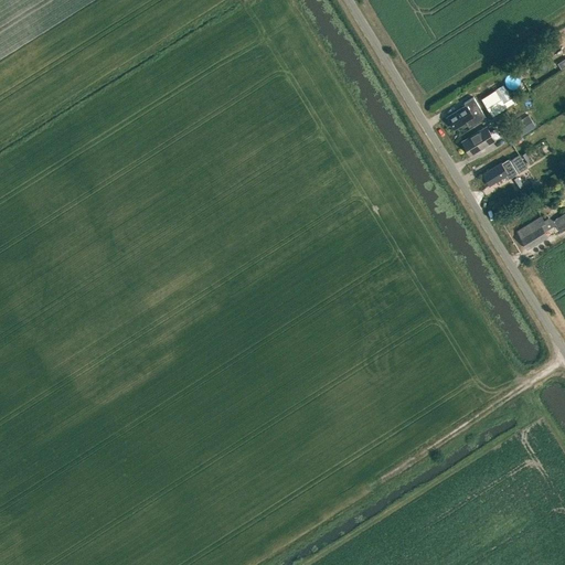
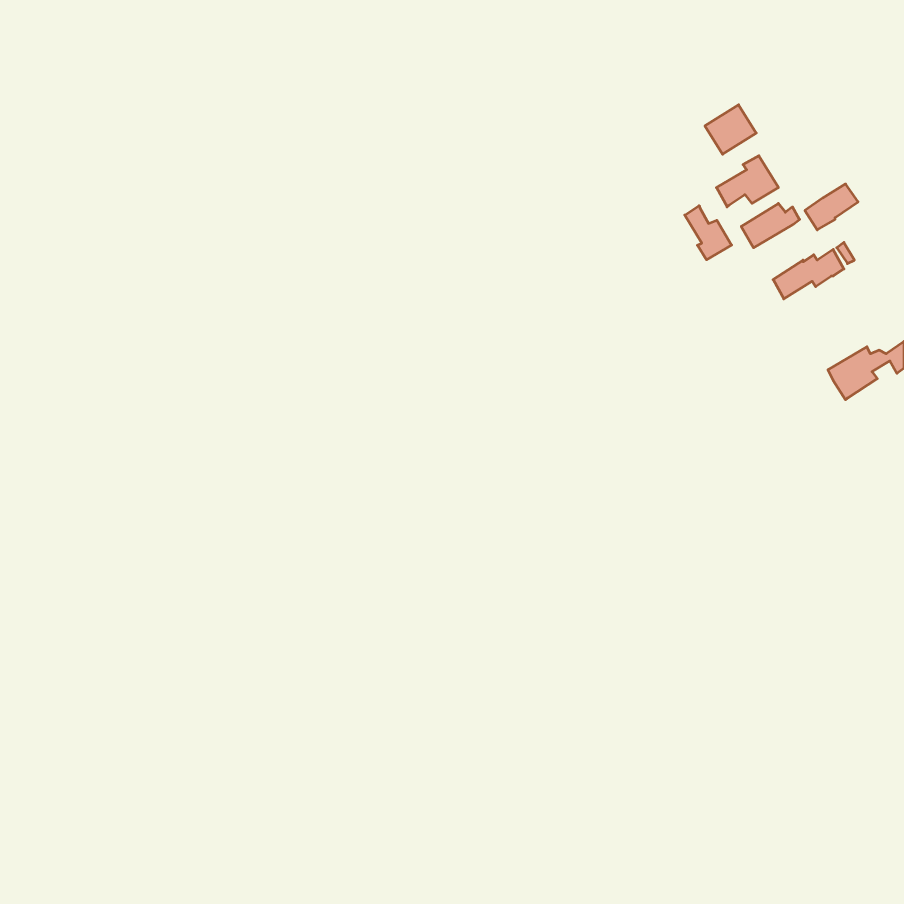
building: [481,85,513,116] -> [705,105,756,154]
building: none -> [685,206,732,260]

